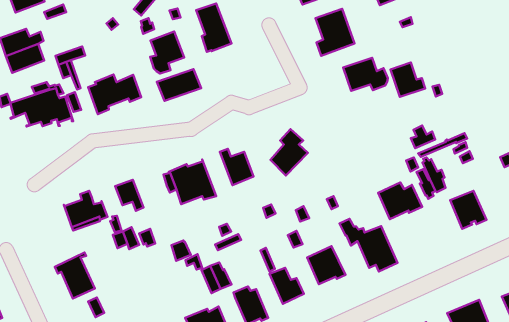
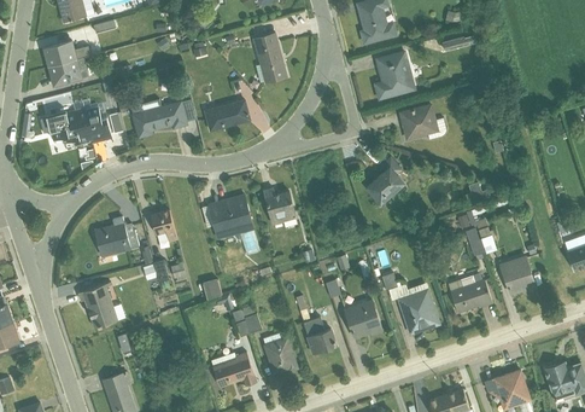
building: [150,31,184,73] -> none
building: [391,62,425,97] -> none
building: [270,129,308,176] -> [365,156,405,204]
building: [378,183,422,219] -> [447,274,492,312]

